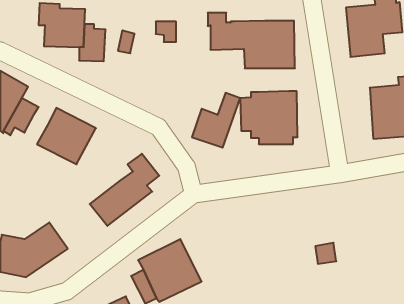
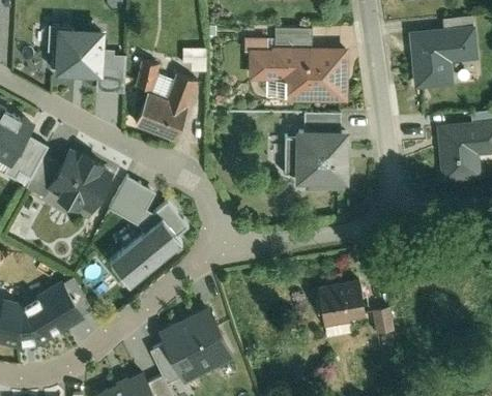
building: none -> [274,29,312,49]
building: none -> [302,114,340,131]
building: [192,93,240,148] -> [139,75,196,140]
building: none -> [23,157,58,199]
building: none -> [107,179,156,235]
building: none -> [318,279,367,326]

